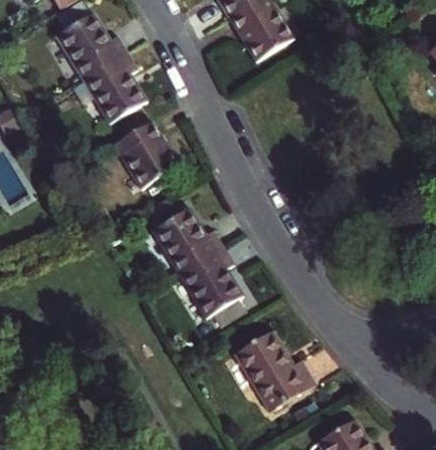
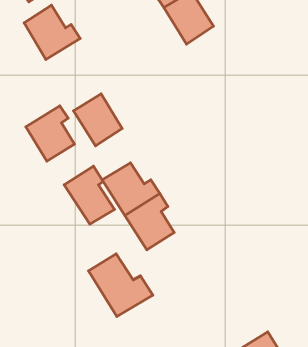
building: [81,55,142,124] -> [26,106,75,161]
building: none -> [64,166,114,224]
building: [241,329,320,407] -> [89,254,153,316]

